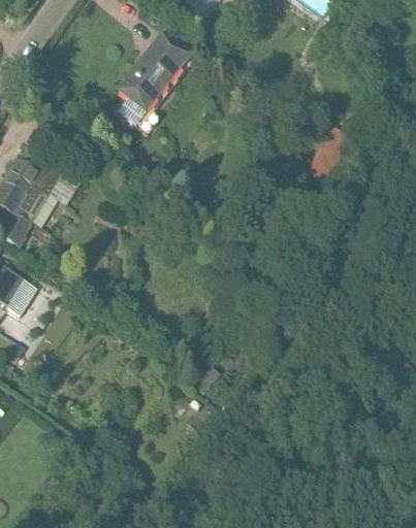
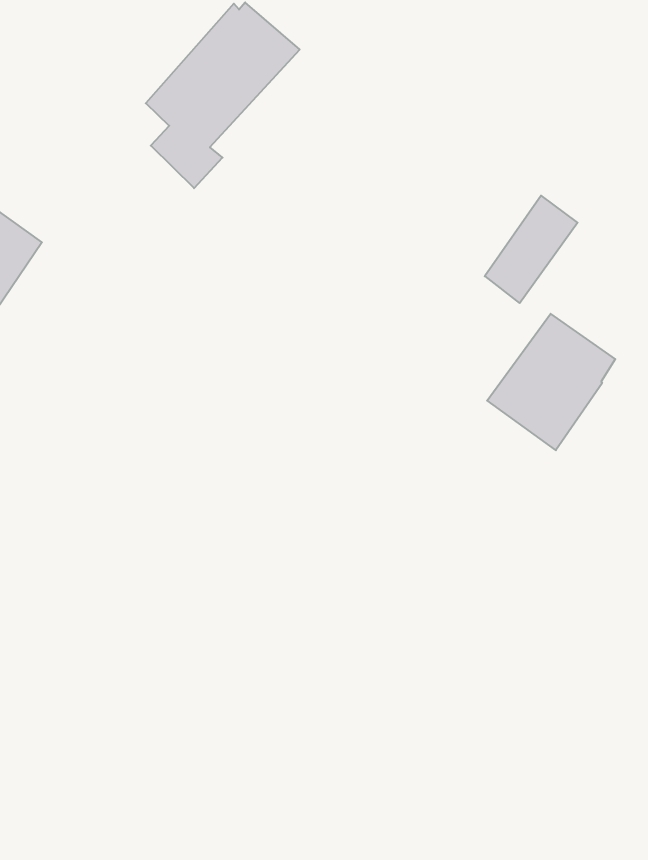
building: none -> [487,314,615,450]

